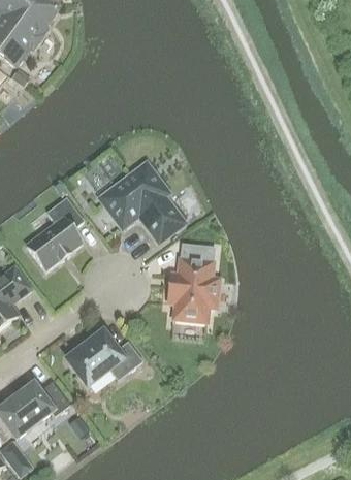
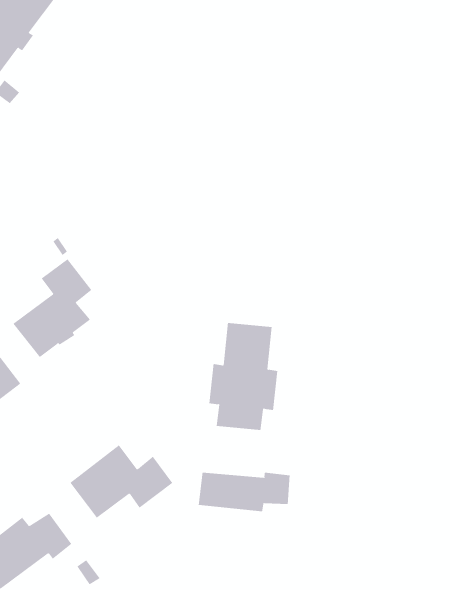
building: [100,164,182,239] -> none
building: none -> [198,472,290,512]

